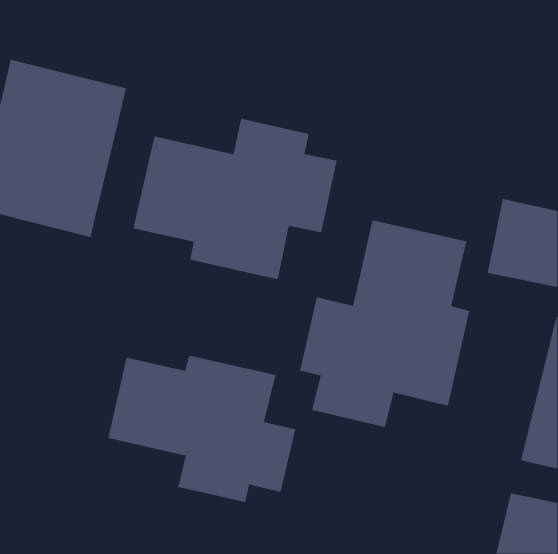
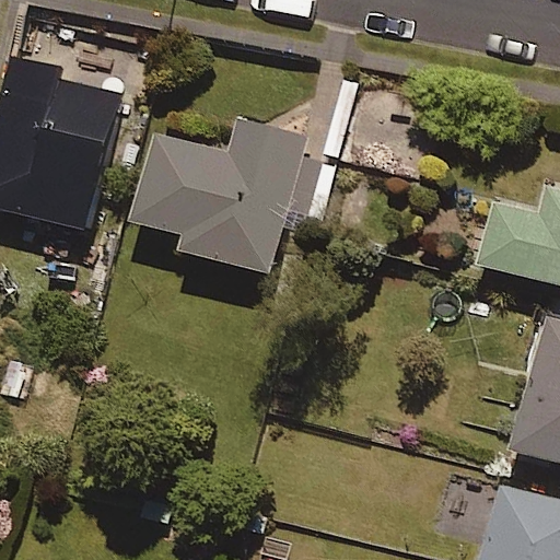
building: [300,220,470,428] -> none
building: [108,355,296,503] -> none

